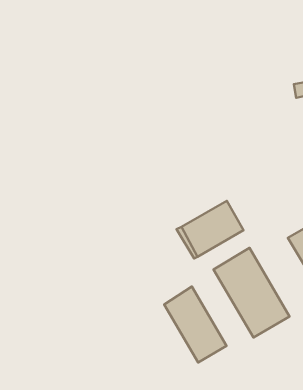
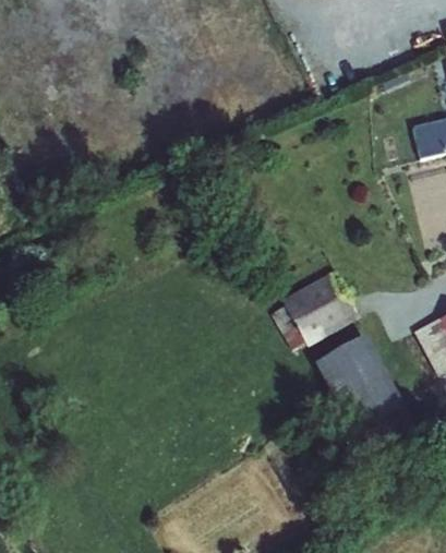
building: [164,286,226,362] -> none

